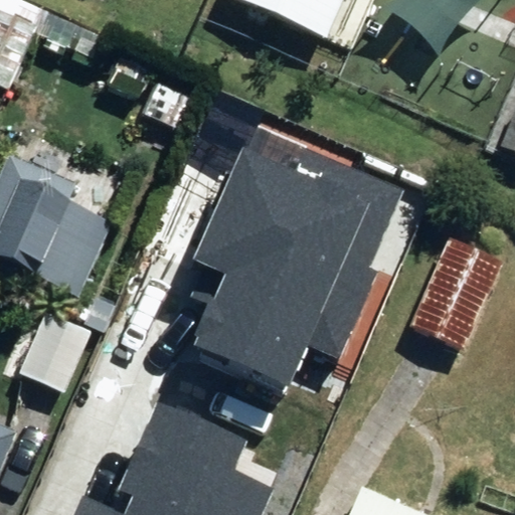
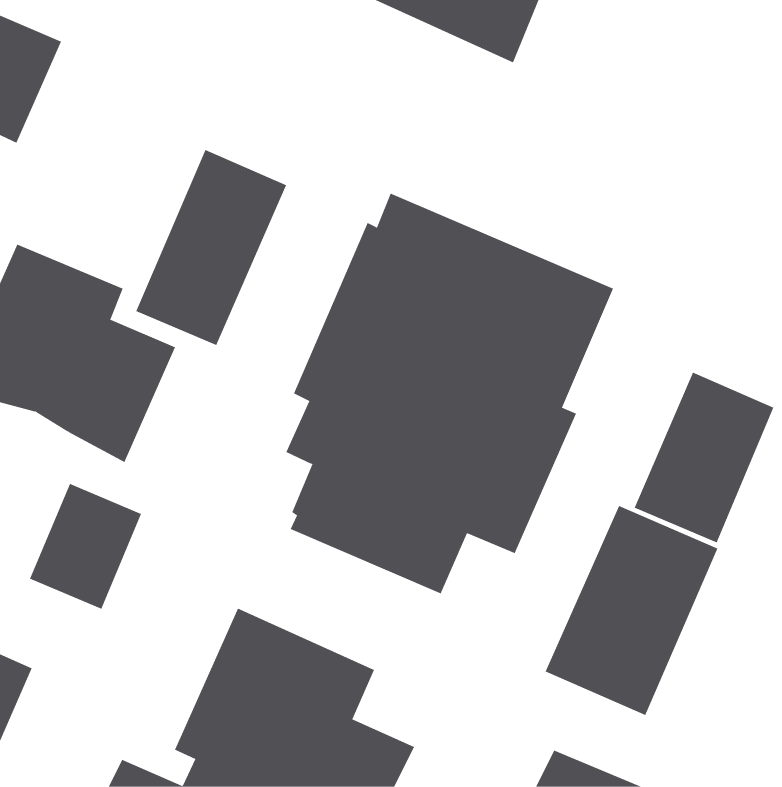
building: none -> [136,149,287,346]
building: none -> [545,505,718,716]

